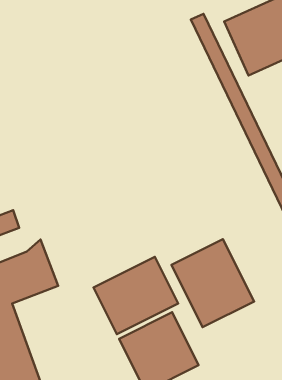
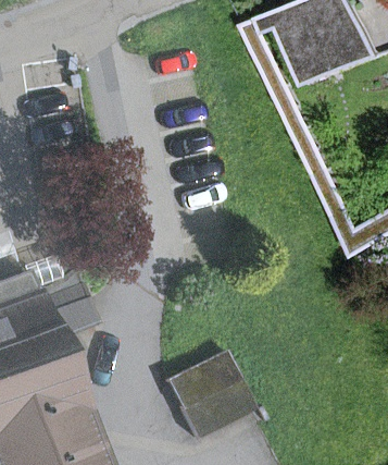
building: [172,239,254,327] -> none
building: [94,257,178,334] -> none

